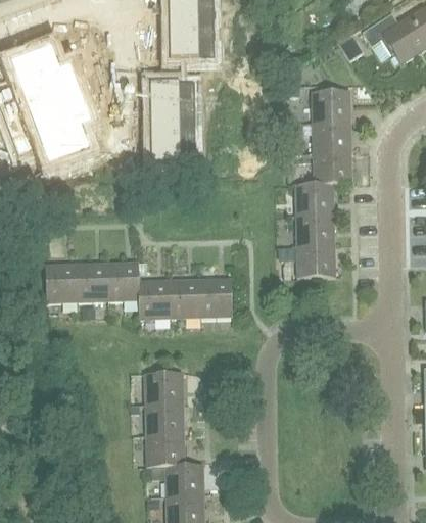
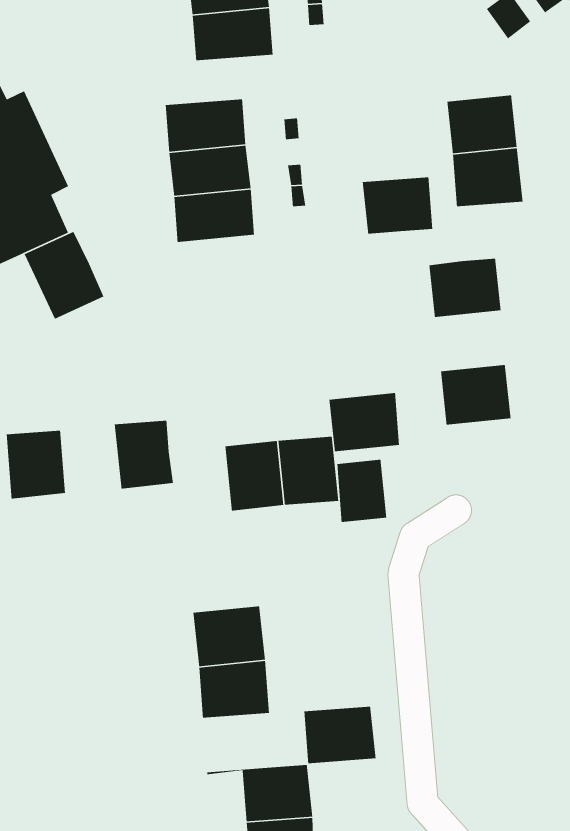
building: none -> [24,231,105,320]
building: [313,152,351,183] -> [362,176,433,235]
building: [295,213,334,245] -> [329,392,400,452]
building: [77,262,108,299] -> none
building: [138,279,171,317] -> none
building: none -> [336,459,387,523]
building: [145,434,185,465] -> [303,706,377,764]

